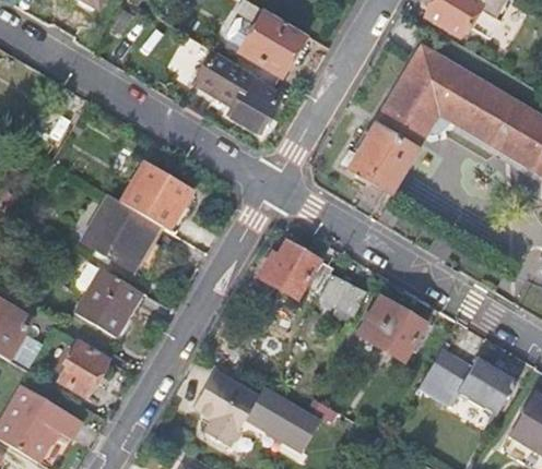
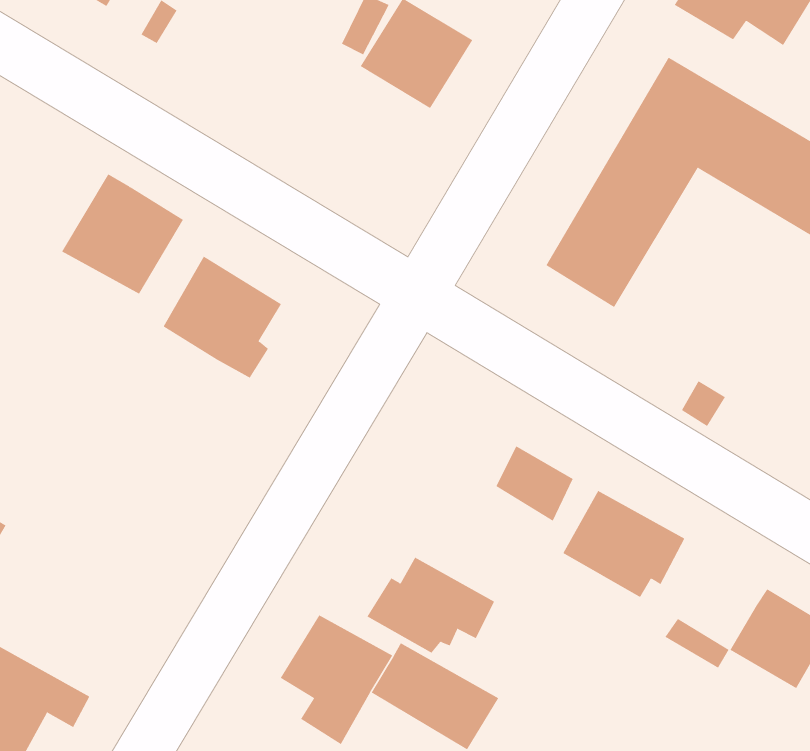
building: [197,50,280,130] -> none
building: [83,195,155,266] -> [61,174,184,294]
building: [258,242,333,299] -> [367,557,495,654]
building: [72,267,141,336] -> none
building: [54,341,107,404] -> none
building: [426,348,472,393] -> none

